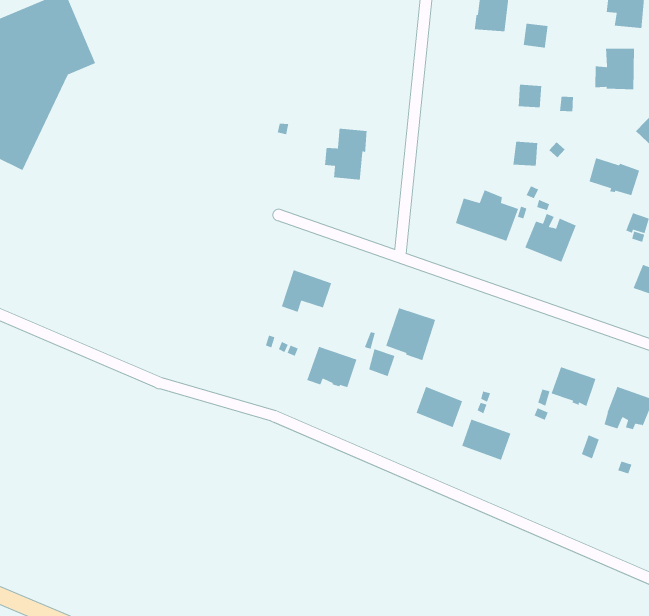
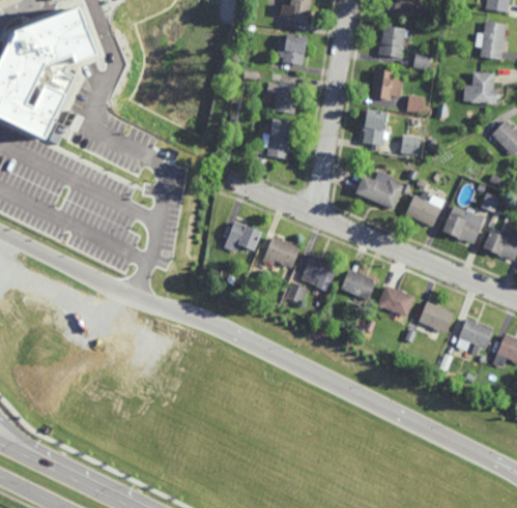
building: none -> [277,32,309,64]
building: none -> [370,68,401,99]
building: none -> [275,79,299,113]
building: none -> [361,108,387,146]
building: [588,157,640,196] -> [441,213,480,243]
building: [306,346,357,388] -> [262,236,300,268]
building: [416,386,463,428] -> [339,269,374,301]
building: [461,419,511,461] -> [376,286,413,318]

